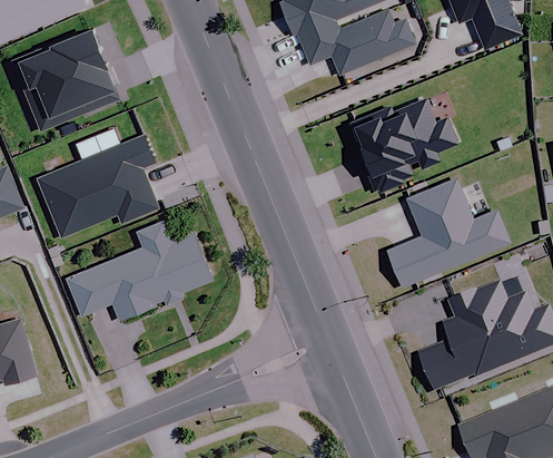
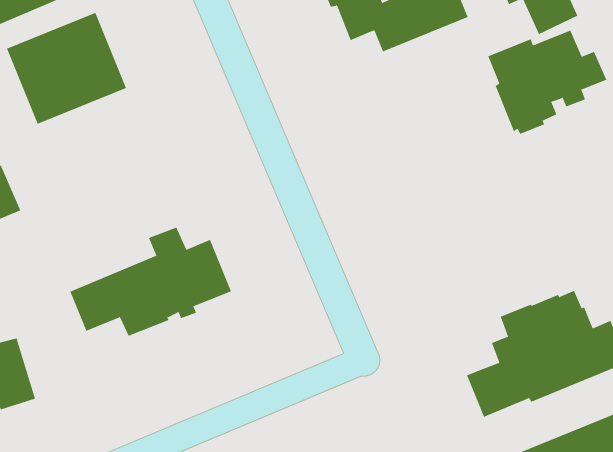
building: [350,99,457,193] -> [487,30,607,135]
building: [37,134,157,237] -> none
building: [386,179,511,288] -> none

